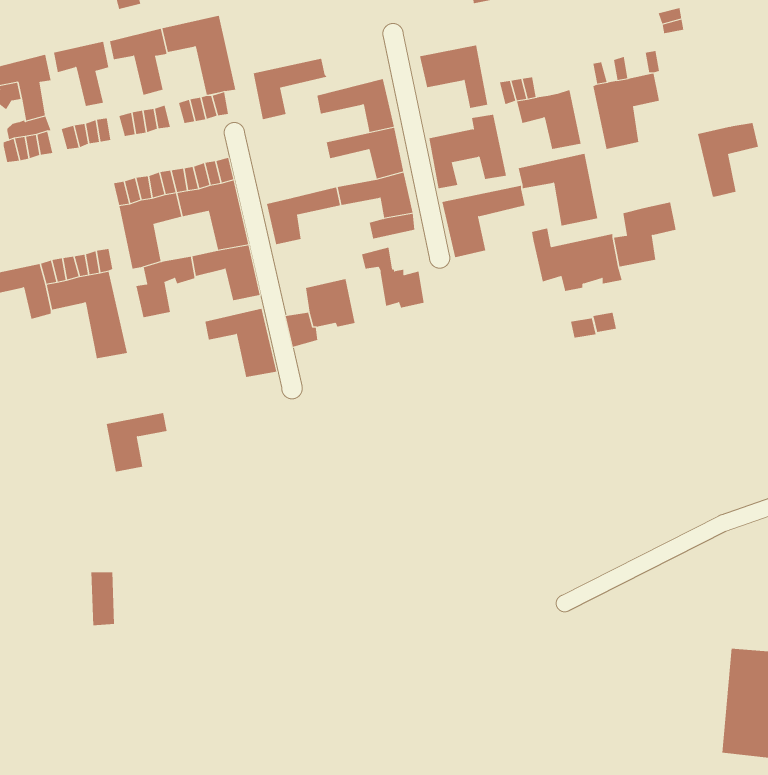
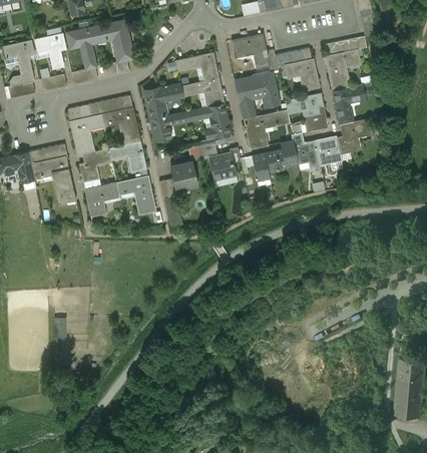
building: [253,58,328,120] -> [144,87,184,120]
building: [697,123,759,197] -> [332,85,365,125]
building: none -> [253,140,298,180]
building: [106,413,167,472] -> [85,183,118,215]

